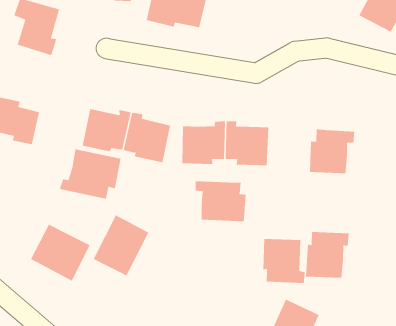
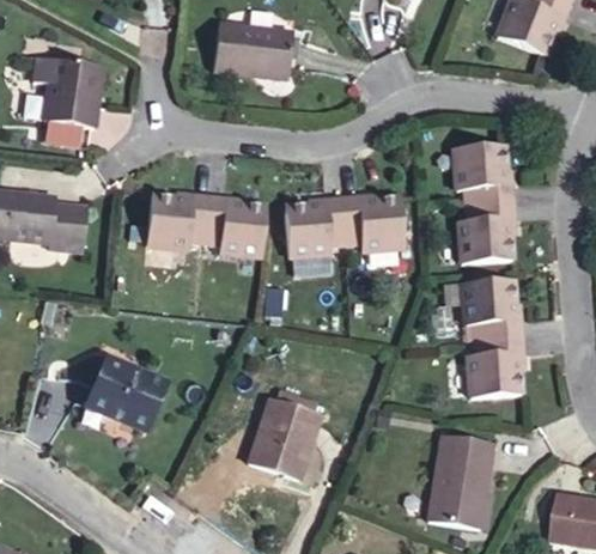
building: none -> [444,136,509,196]
building: [59,148,121,199] -> none
building: [195,181,246,222] -> none
building: [93,214,149,276] -> [249,391,322,474]
building: [263,238,305,283] -> [452,275,513,336]

